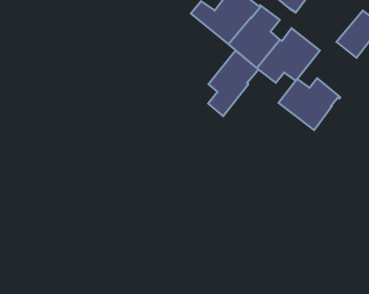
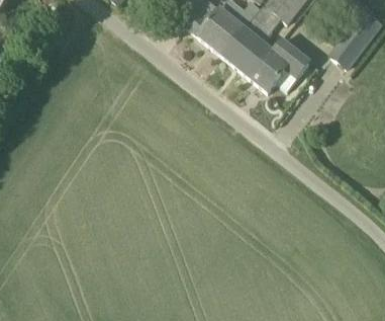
building: [208,51,258,116] -> none
building: [278,78,340,130] -> none

